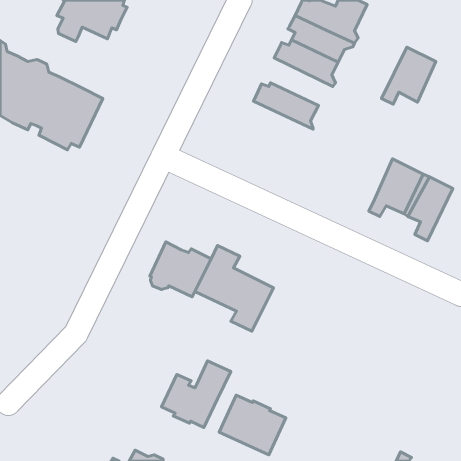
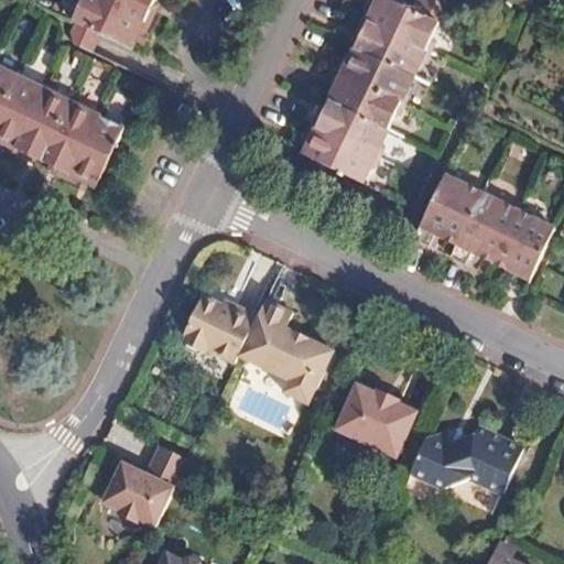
building: [382,47,436,104] -> [413,176,479,246]
building: none -> [326,70,406,129]
building: none -> [300,123,382,183]
building: none -> [406,430,520,495]
building: [161,361,231,428] -> [104,444,188,525]
building: [219,395,286,455] -> [333,384,414,457]

